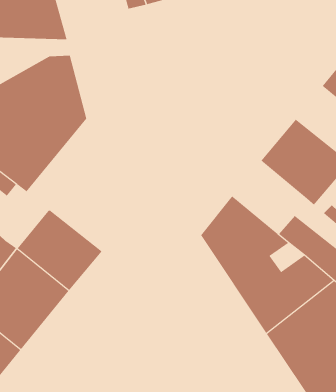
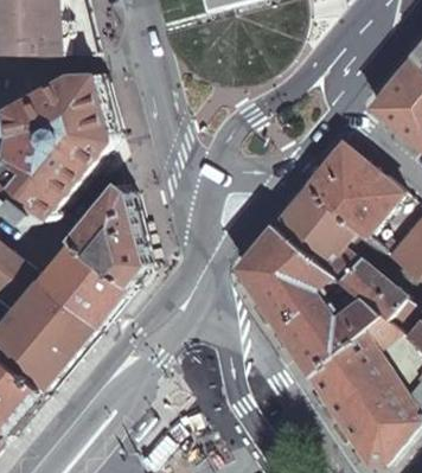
building: none -> [76,184,149,283]
building: none -> [273,185,353,264]

